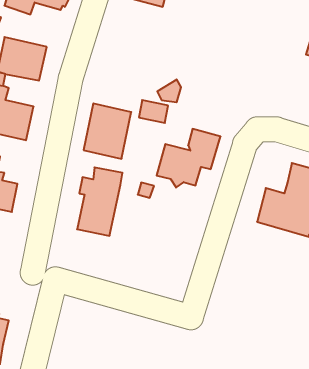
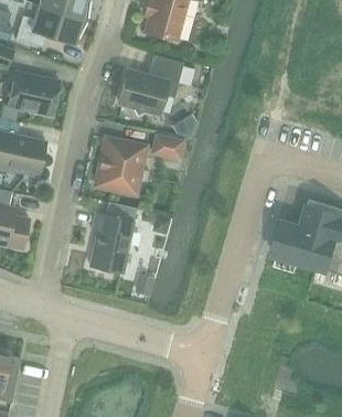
building: [157,129,221,188] -> [118,55,183,115]

